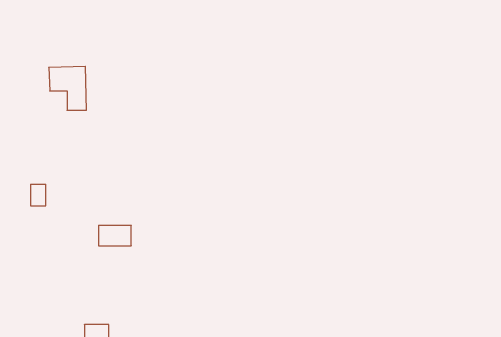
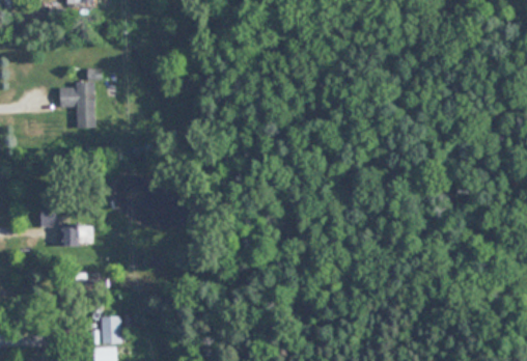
building: [99,225,131,246] -> [58,224,91,245]
building: none -> [101,315,121,343]

